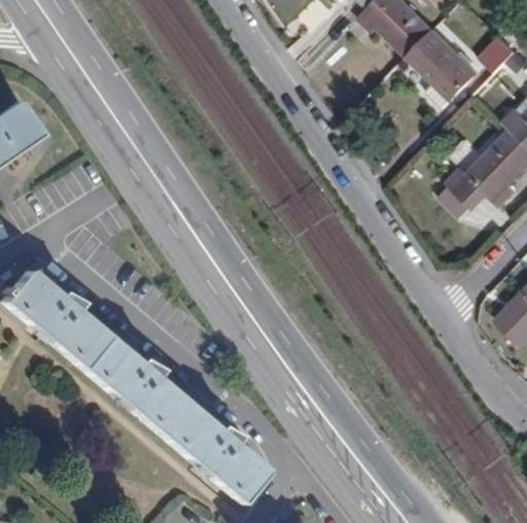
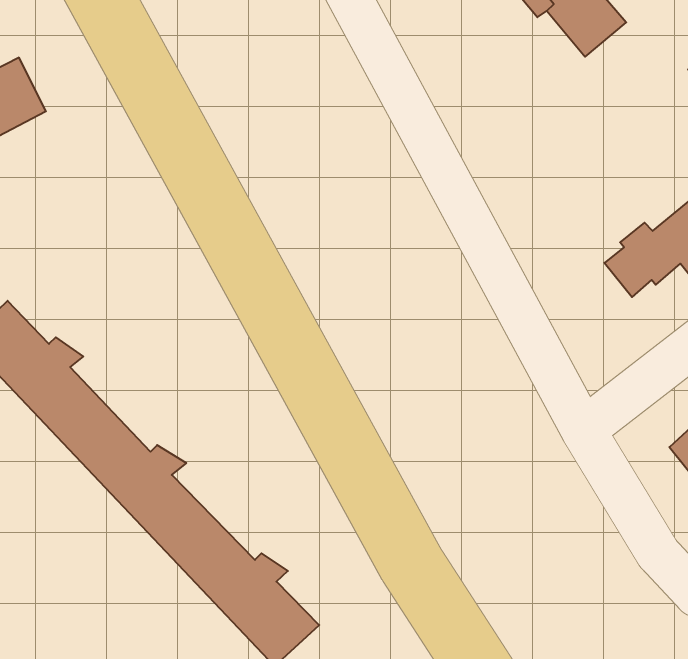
building: [410,28,478,104] -> none

